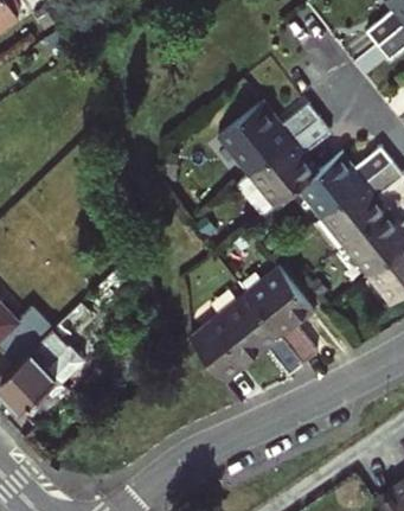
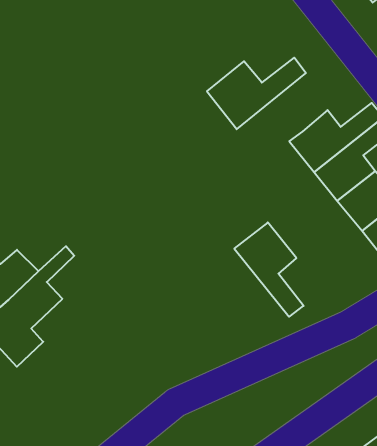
building: [250,123,331,212] -> none
building: [191,298,302,381] -> none

